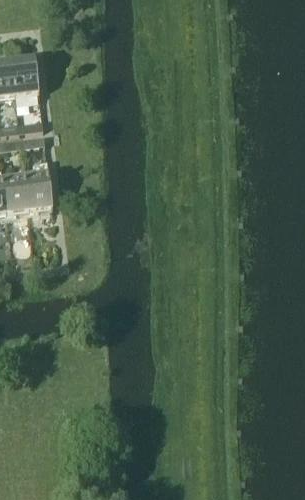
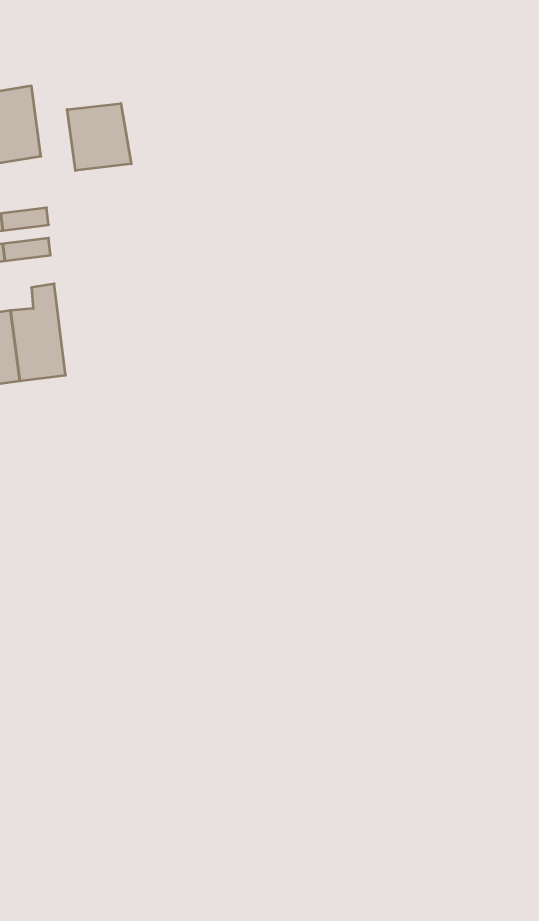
building: none -> [67,103,131,171]

